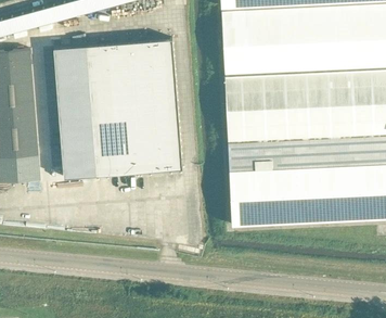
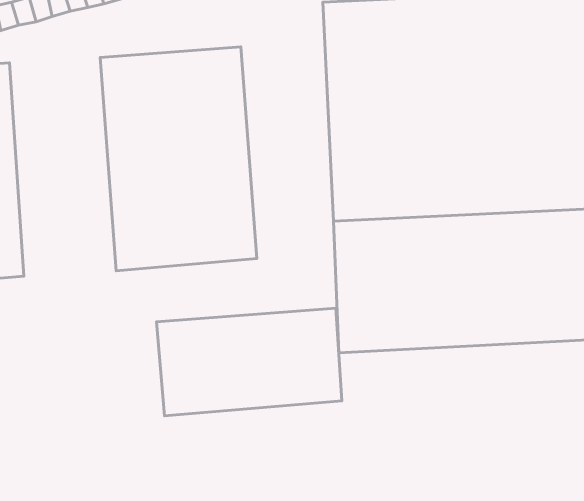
building: [53,46,95,178] -> none
building: none -> [157,308,342,416]

